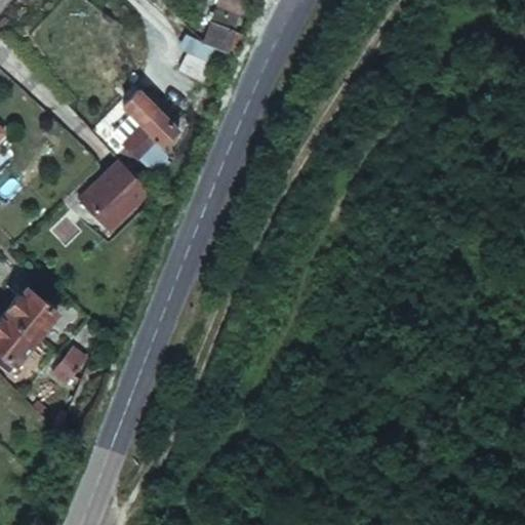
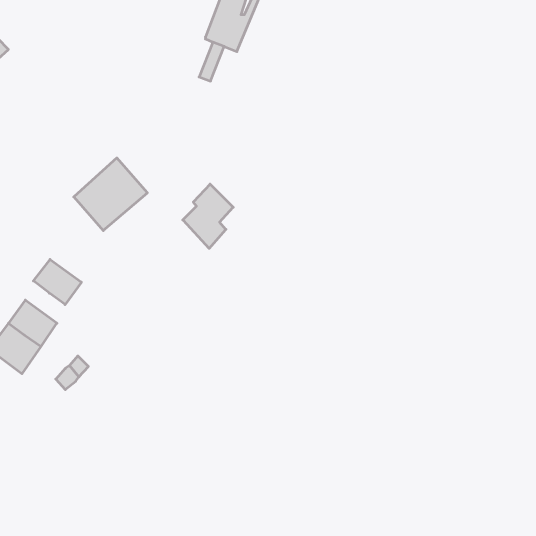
building: [123,106,172,168] -> [183,184,233,248]
building: none -> [33,259,81,305]

